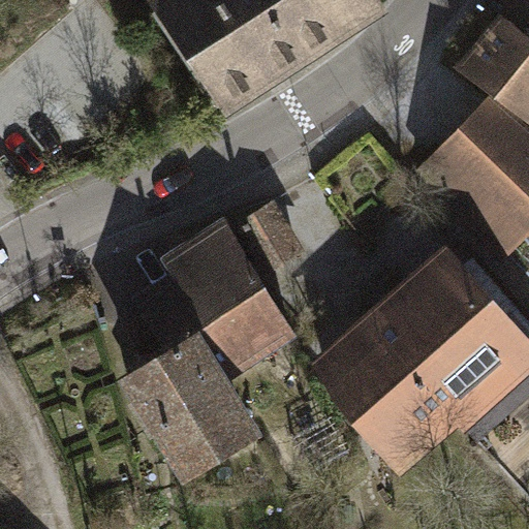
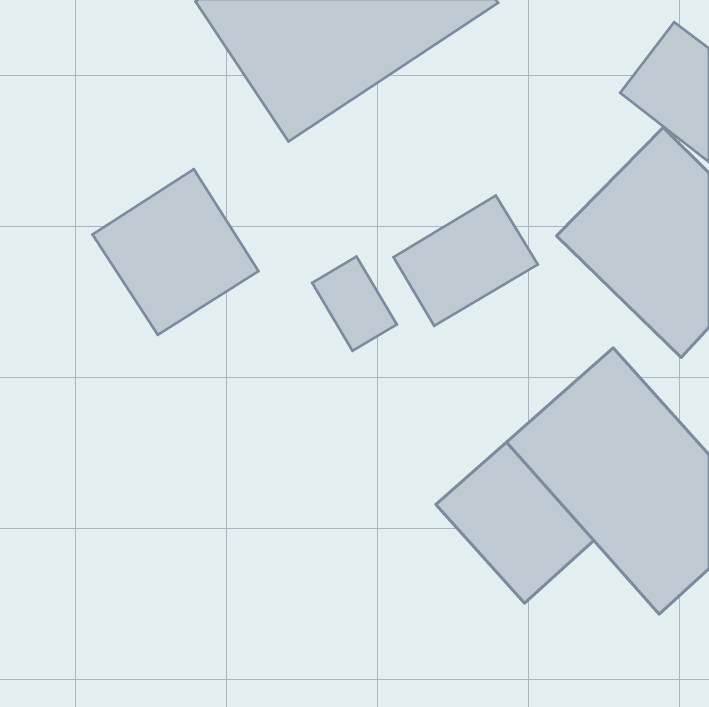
building: none -> [93,169,258,335]
building: none -> [393,196,538,326]
building: [124,222,289,471] -> none

